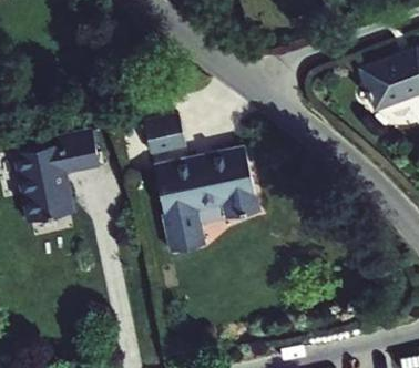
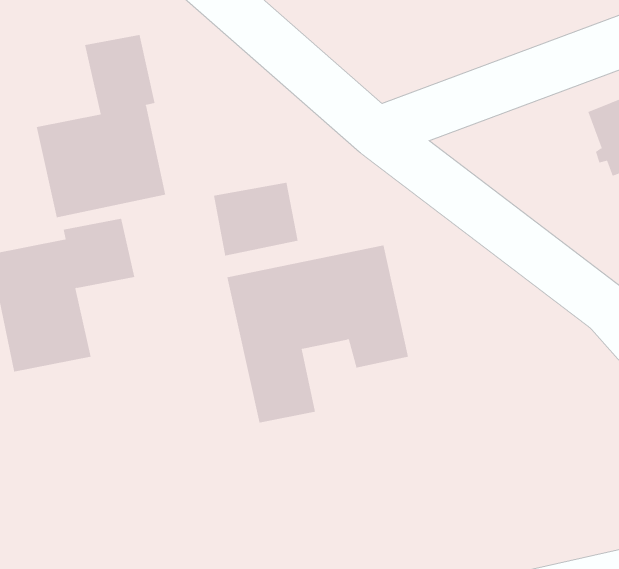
building: none -> [36,34,166,218]

